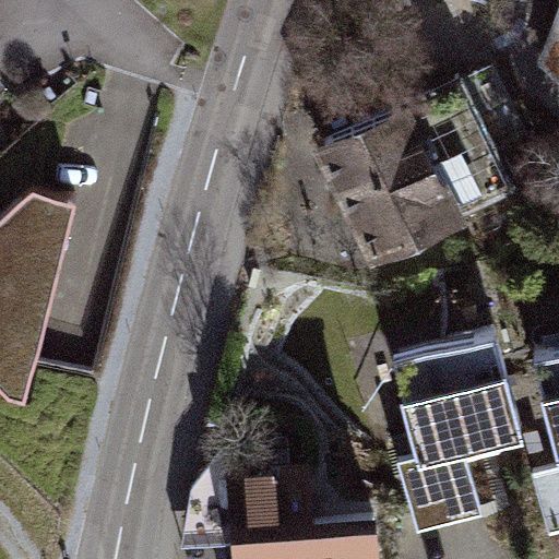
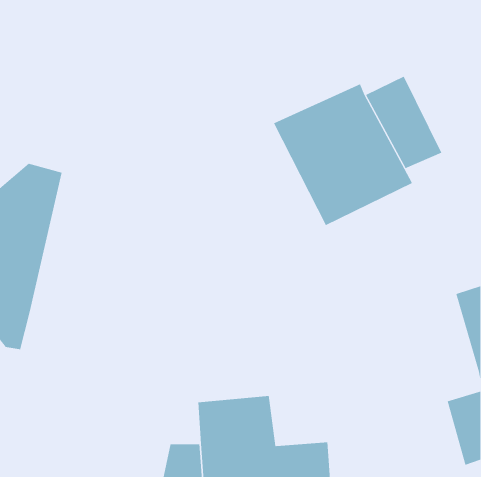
building: [394,331,520,540] -> none

